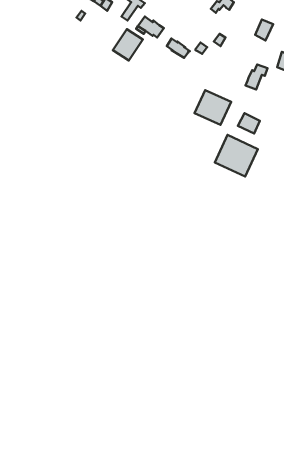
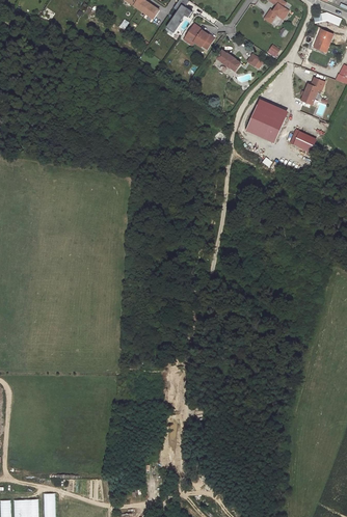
building: [113,29,143,61] -> none
building: [215,135,258,177] -> none

